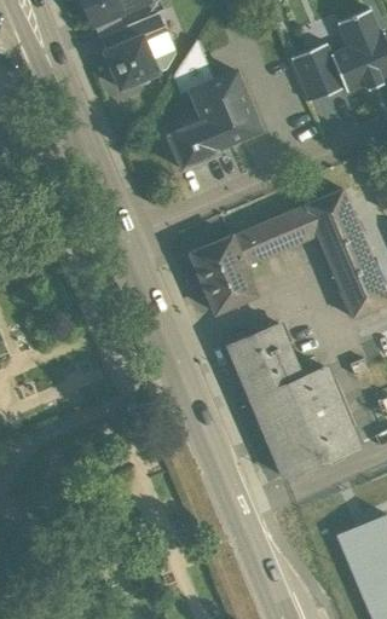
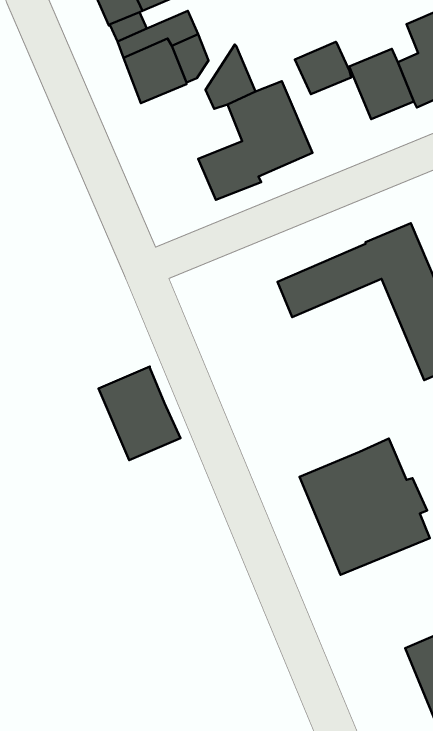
building: none -> [295,42,351,94]
building: [190,235,258,312] -> [98,367,181,460]
building: [221,323,300,397] -> none

